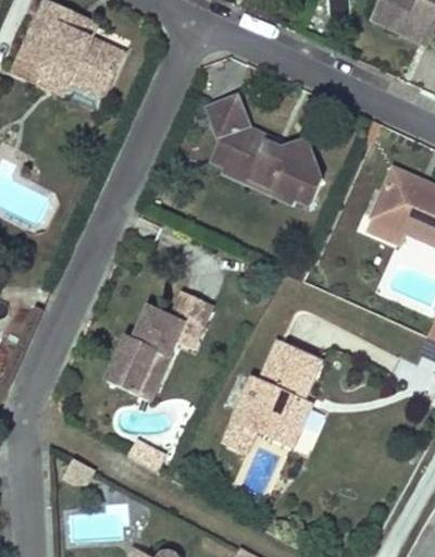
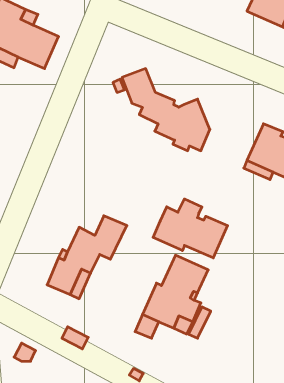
building: [210,139,275,194] -> none
building: none -> [153,199,228,258]

